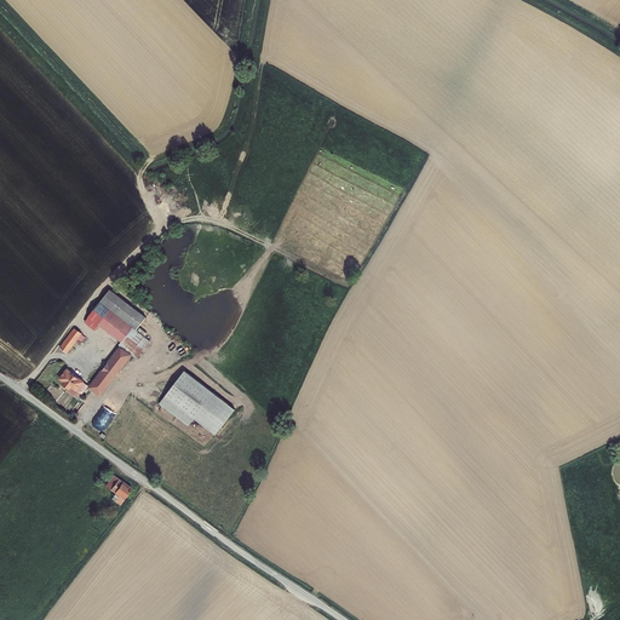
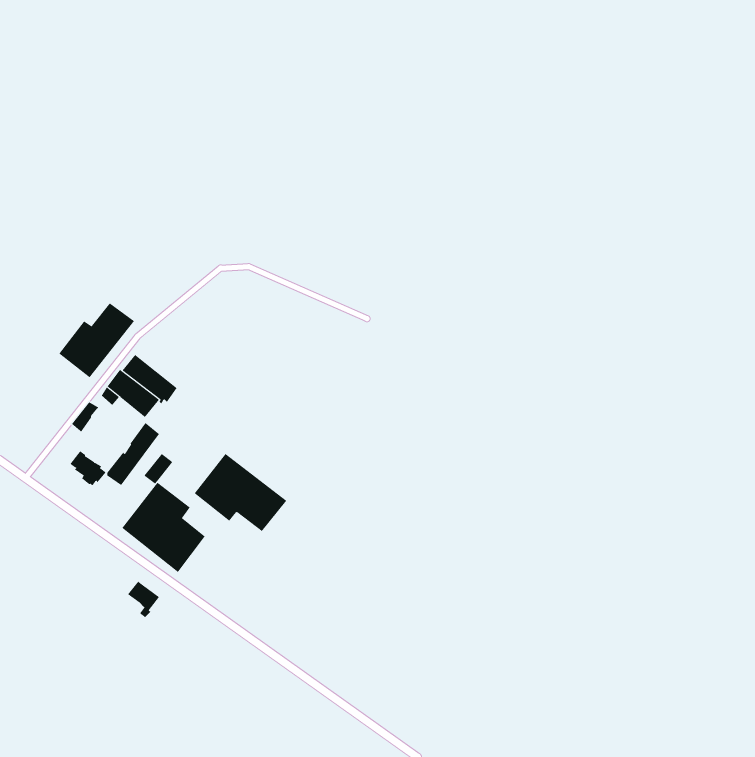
building: none -> [58,302,135,378]
building: none -> [122,482,206,573]

